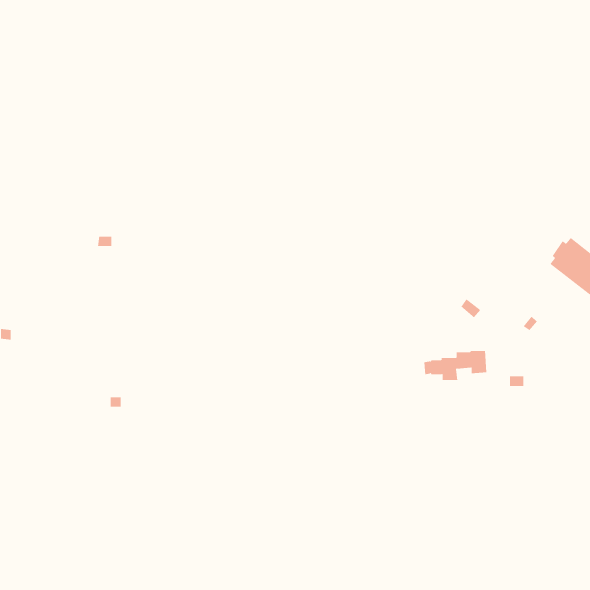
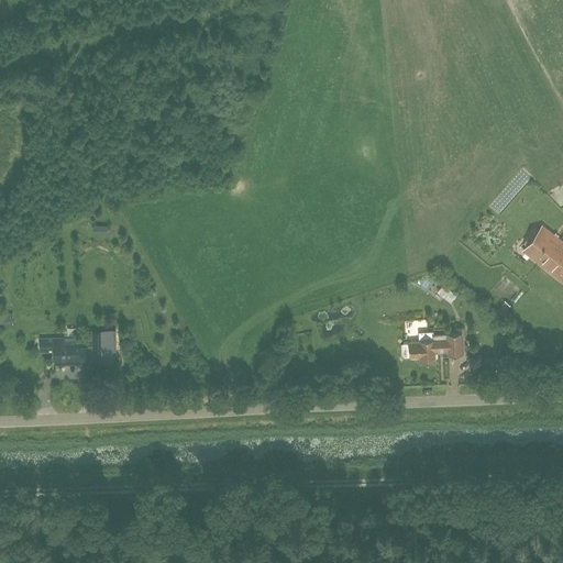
building: none -> [92,331,112,353]
building: none -> [46,339,88,364]

